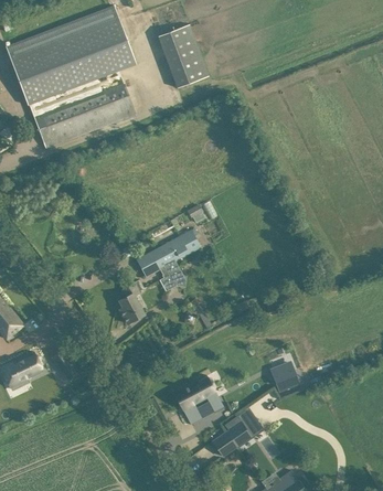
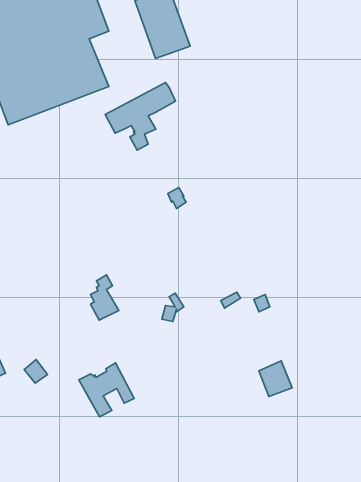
building: [137,231,200,291] -> [105,83,175,150]
building: [172,375,222,424] -> [79,363,134,417]
building: [212,421,252,456] -> none

